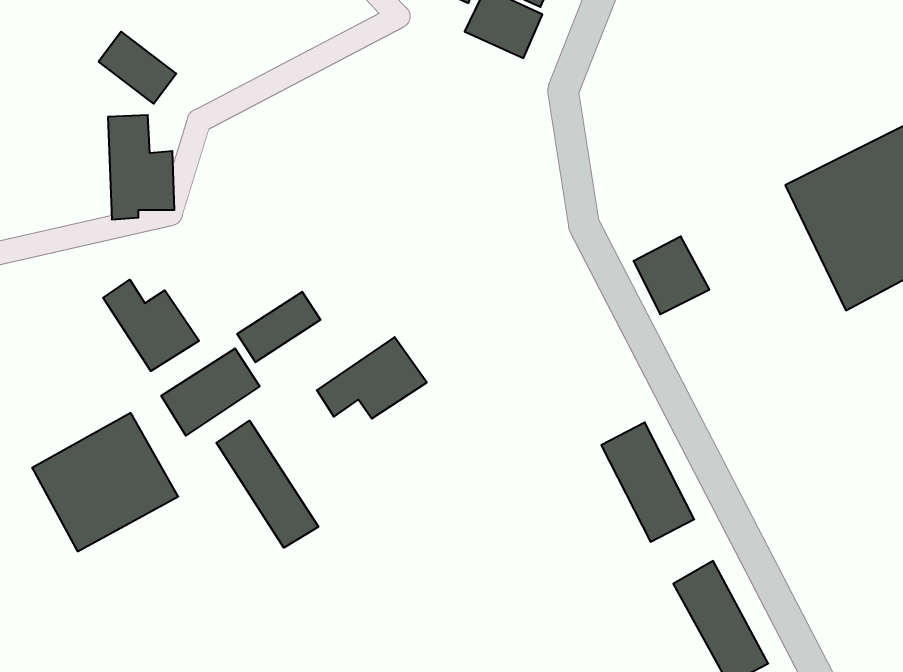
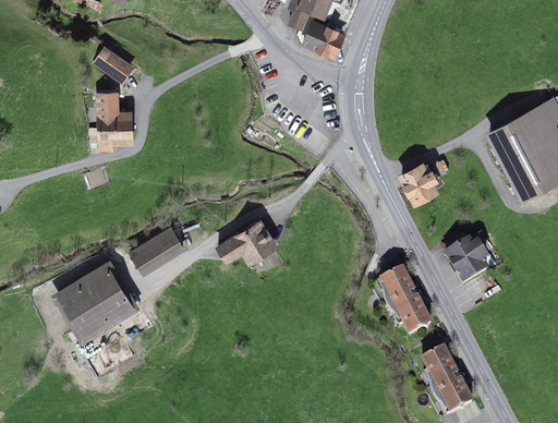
building: [103,280,199,371] -> none
building: [237,292,320,362] -> none
building: none -> [447,237,497,287]
building: [216,421,318,548] -> none

